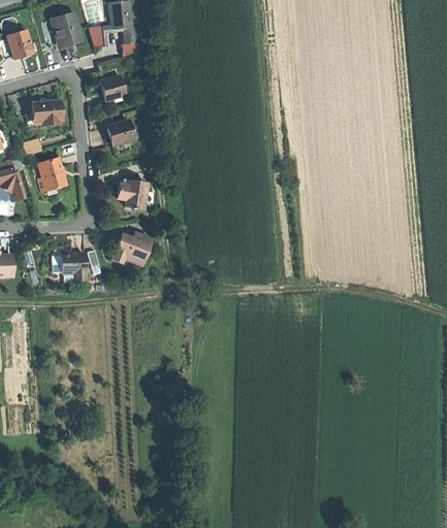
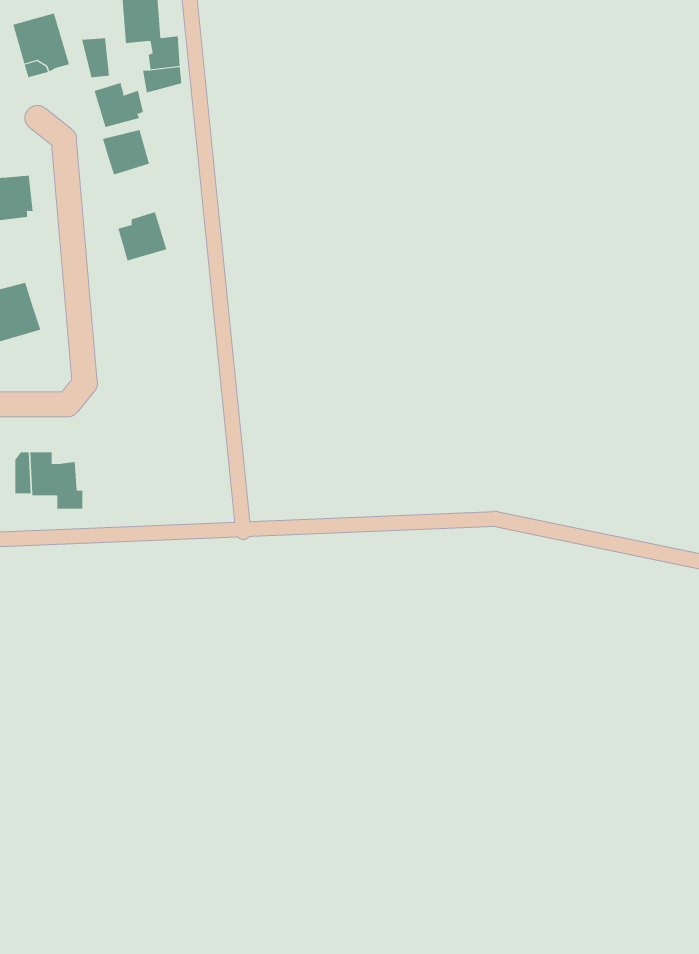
building: none -> [94,82,143,128]
building: [118,178,148,206] -> none
building: [113,232,153,265] -> none

